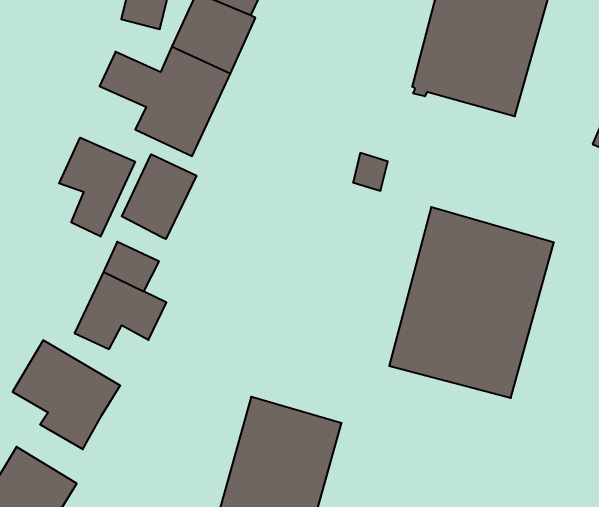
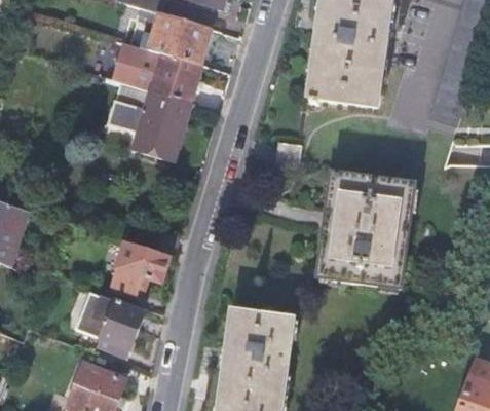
building: [59,138,135,237] -> none
building: [122,154,196,239] -> none

